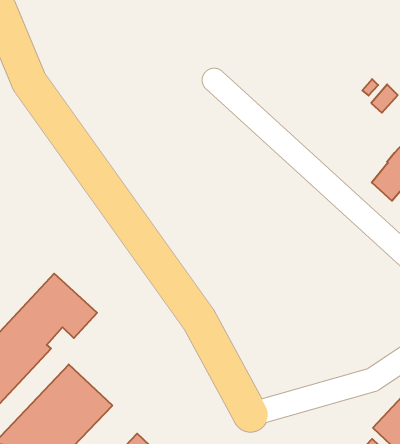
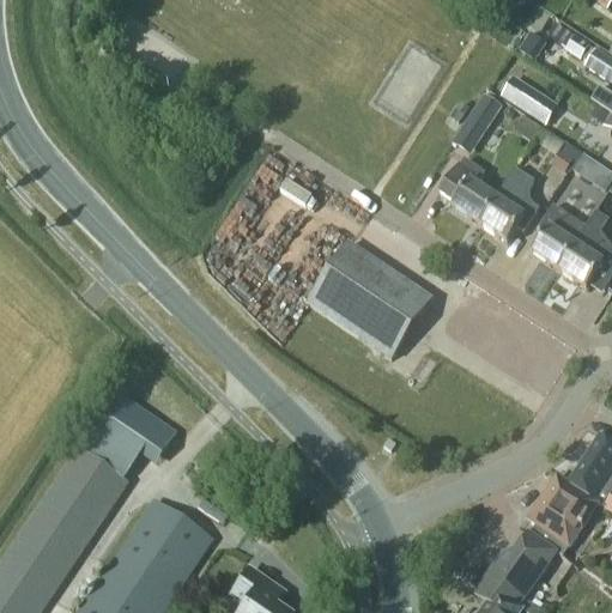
building: none -> [440,157,496,223]
building: none -> [307,238,434,358]

